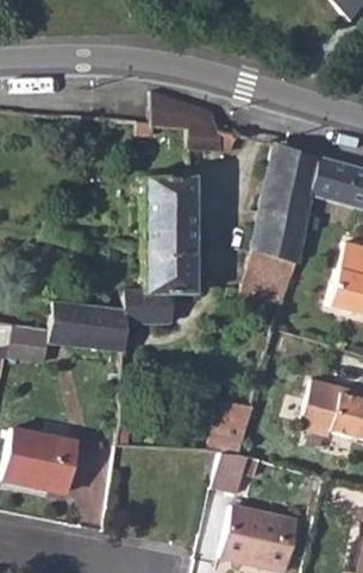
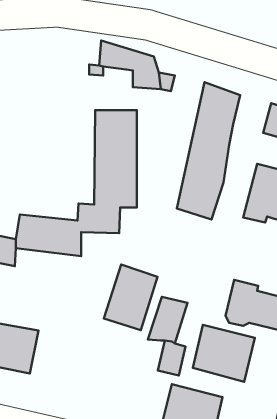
building: [309,159,355,204] -> none
building: none -> [104,264,157,330]
building: none -> [193,325,255,382]

